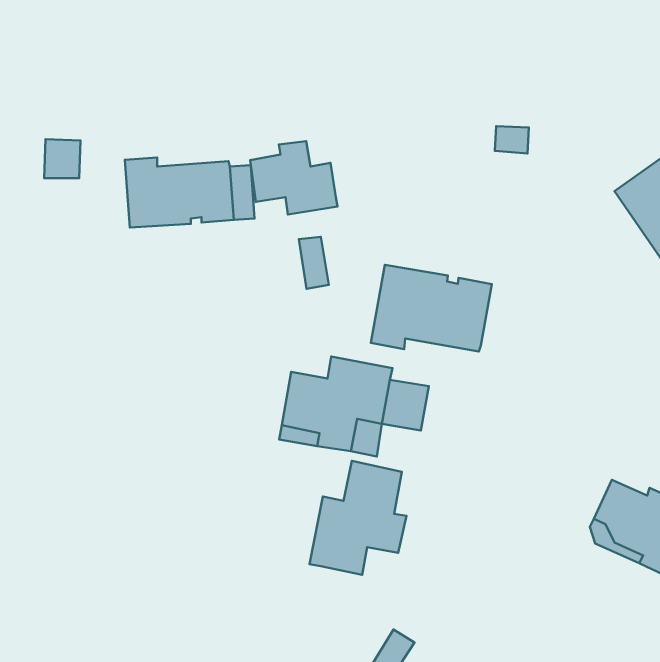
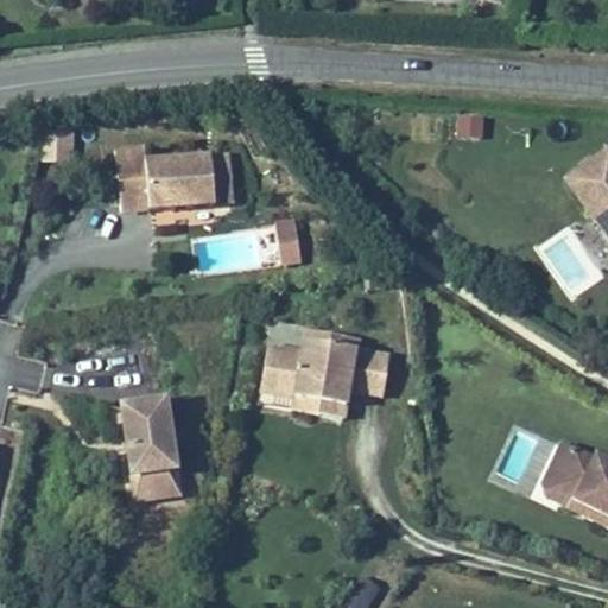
building: [250,141,338,214] -> none
building: [371,265,492,352] -> none
building: none -> [120,391,185,504]
building: [310,461,406,575] -> none

